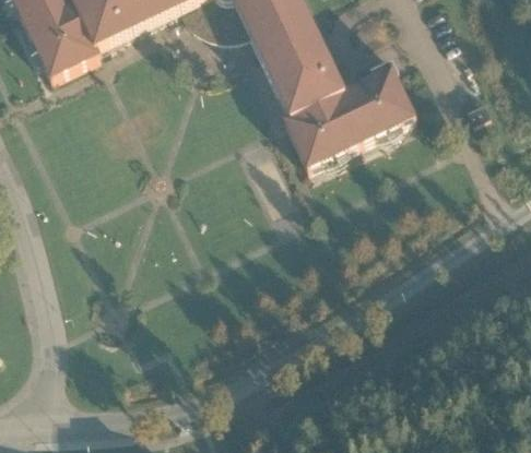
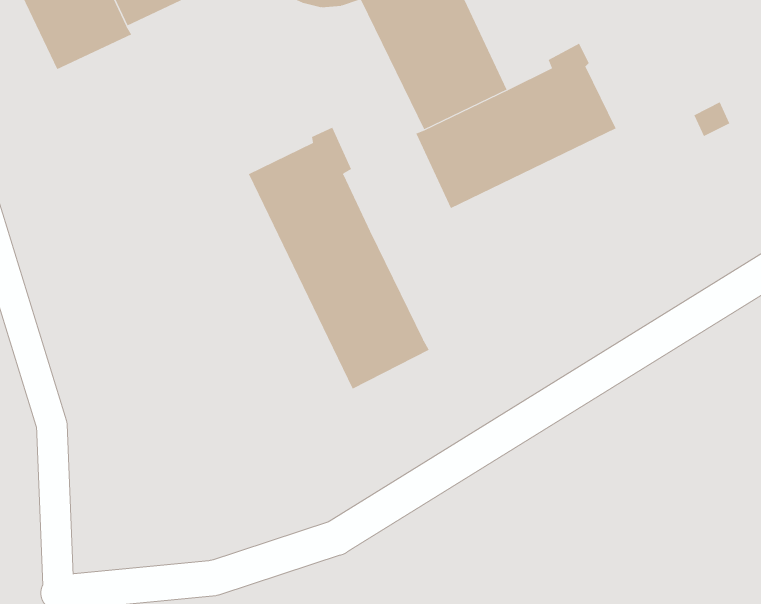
building: none -> [248,127,430,389]

